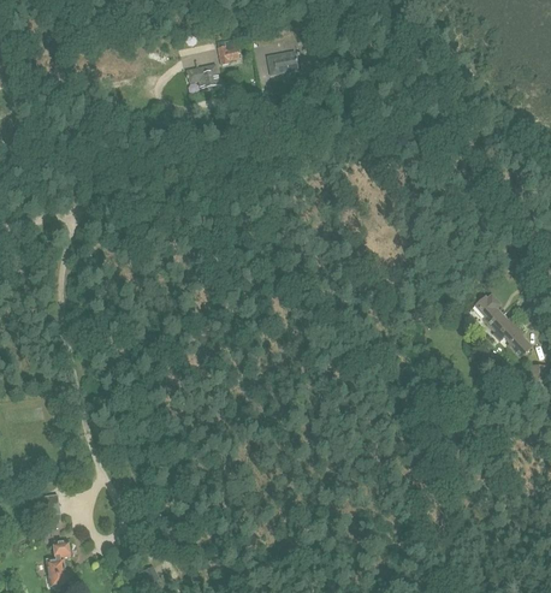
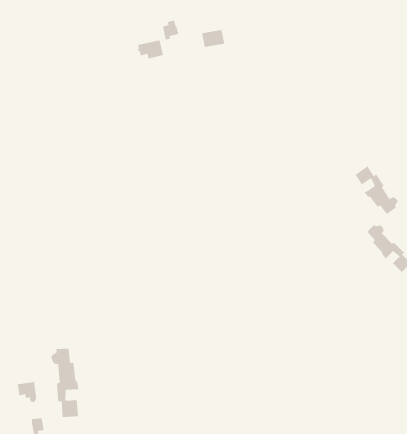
building: none -> [355,166,398,215]
building: none -> [51,348,79,418]

